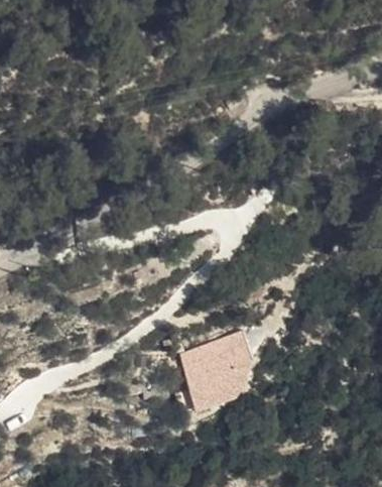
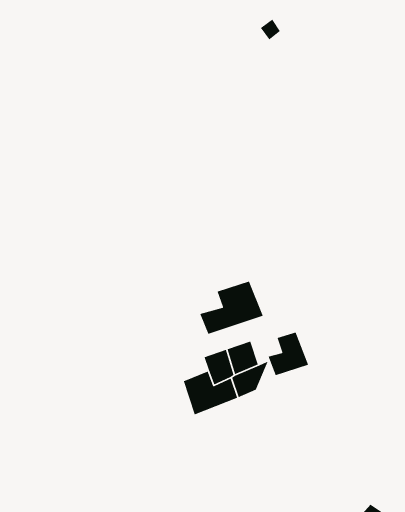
building: none -> [199,281,264,335]
building: none -> [268,331,309,376]

